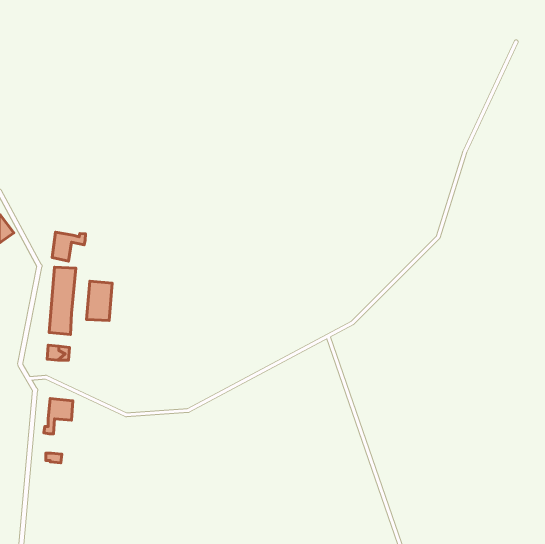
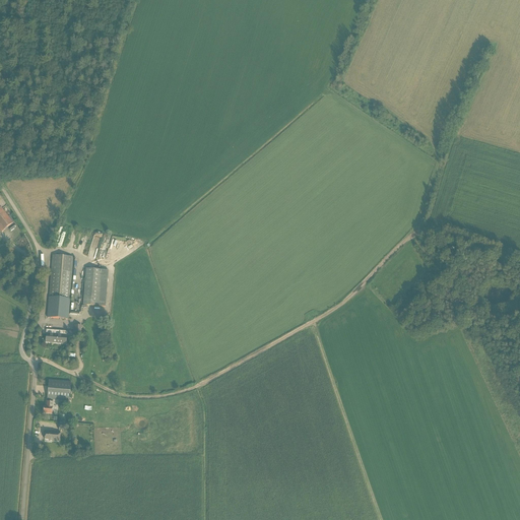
building: [52,232,86,261] -> none

